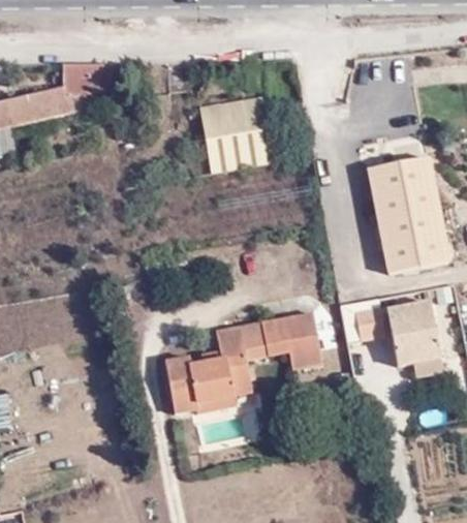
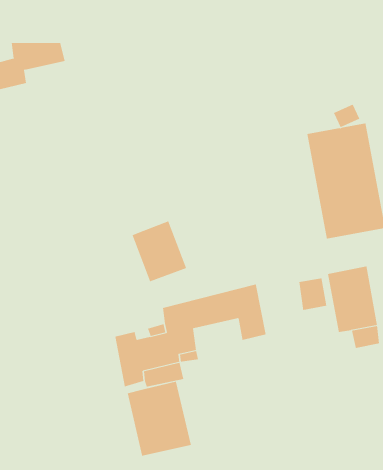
building: [200,95,275,170] -> none
building: none -> [132,221,187,282]
building: none -> [127,381,191,457]

